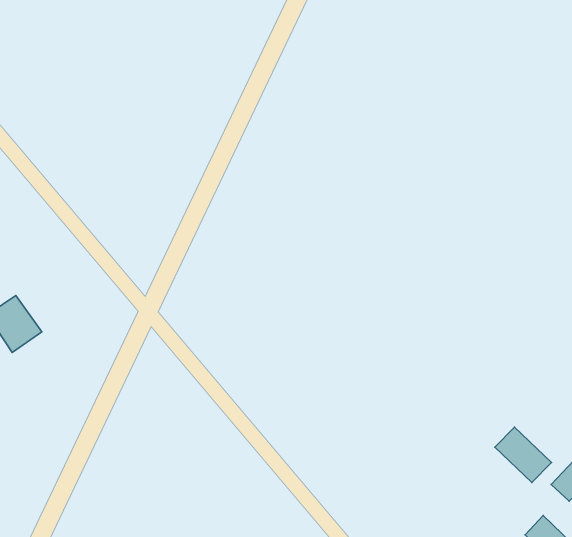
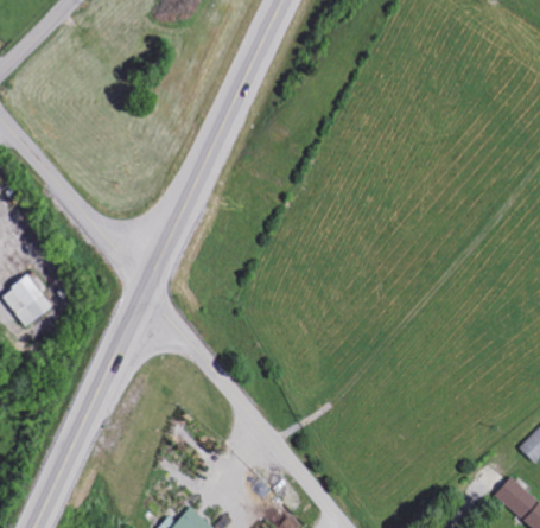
building: [495,427,552,483] -> none

